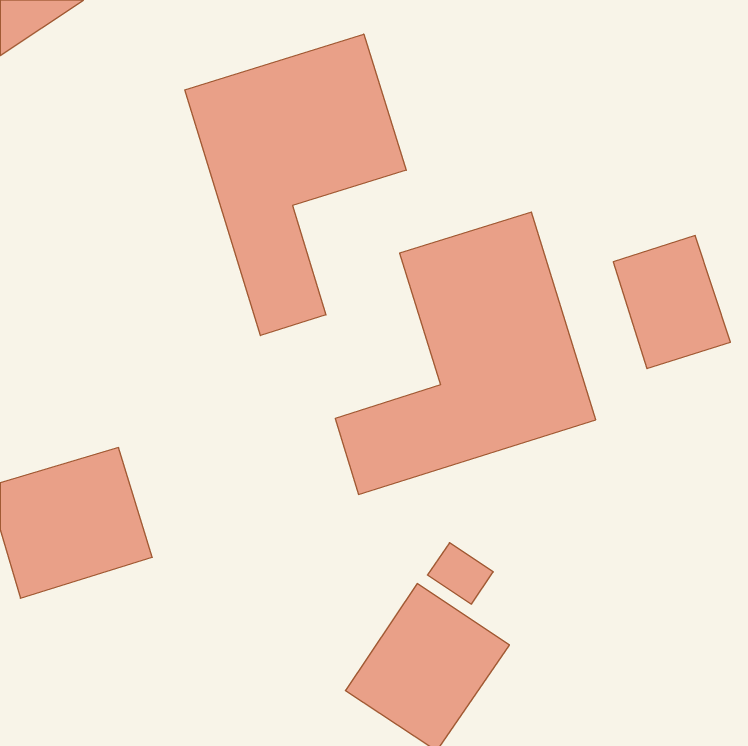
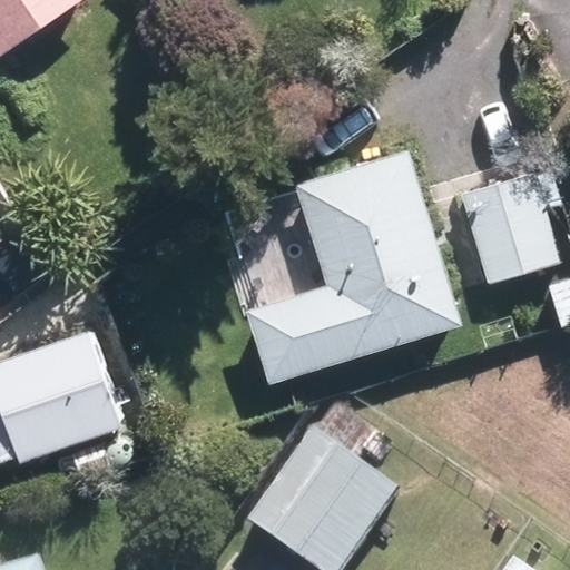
building: [185,34,406,336] -> none

